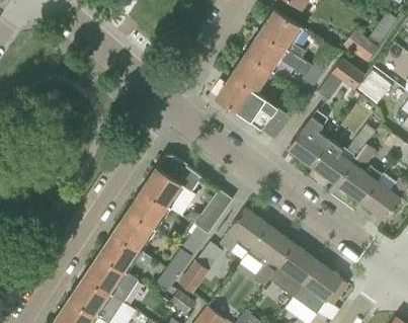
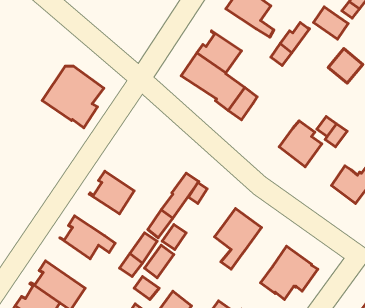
building: [244,32,288,73] -> none
building: [331,57,366,89] -> none
building: [287,110,329,166] -> none
building: [141,156,200,216] -> [42,66,104,128]
building: [335,163,381,204] -> none
building: [218,209,267,253] -> none
building: [111,212,155,252] -> none
building: [276,244,317,281] -> none
building: [83,254,127,296] -> none

